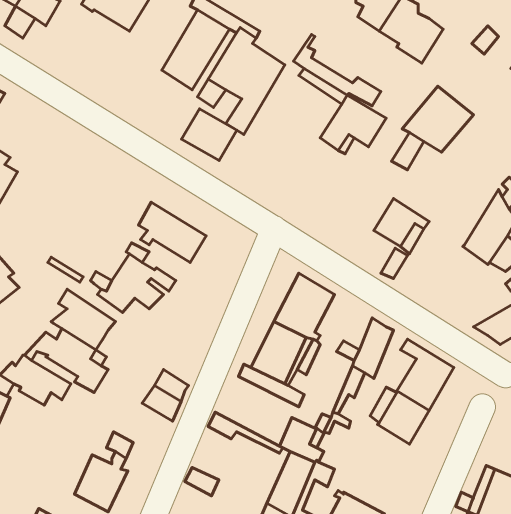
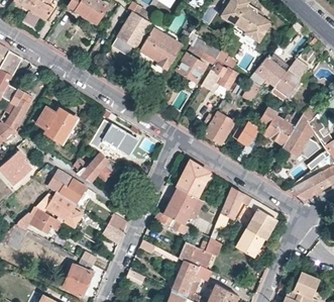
building: none -> [270,60,304,101]
building: [182,109,237,161] -> [177,52,208,81]
building: none -> [36,106,78,142]
building: none -> [260,108,303,144]
building: none -> [204,112,234,144]

